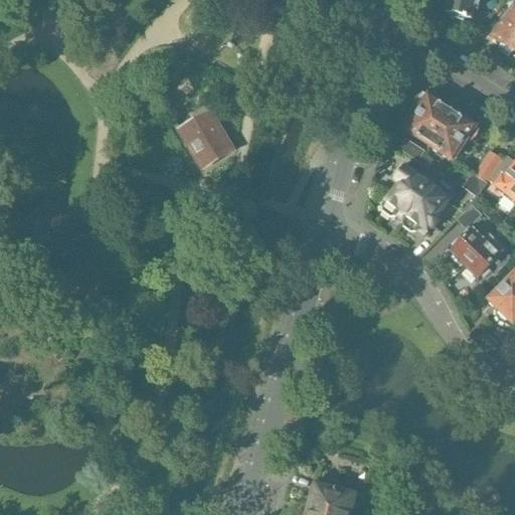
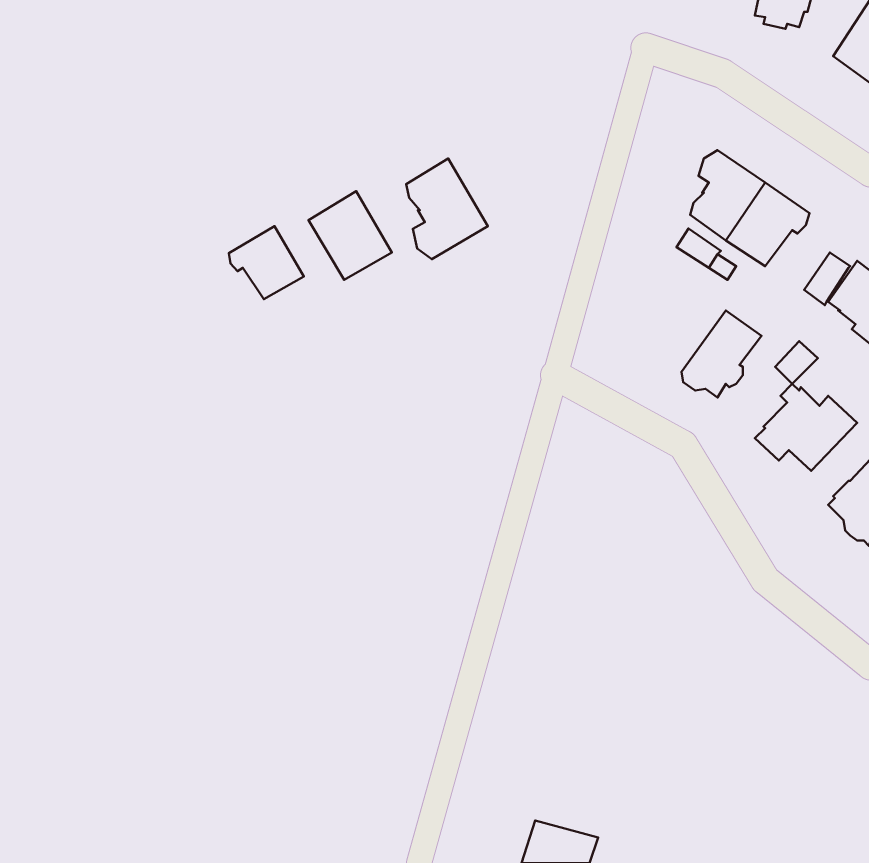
building: none -> [406,158,488,259]
building: none -> [229,226,304,299]
building: [383,165,430,219] -> none

